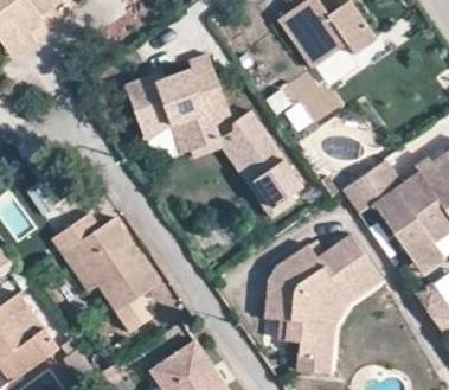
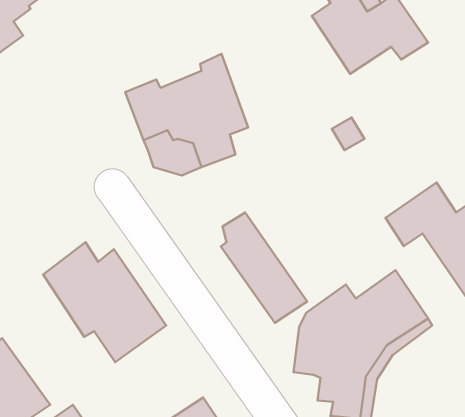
building: [227,114,300,206] -> [221,212,307,323]

